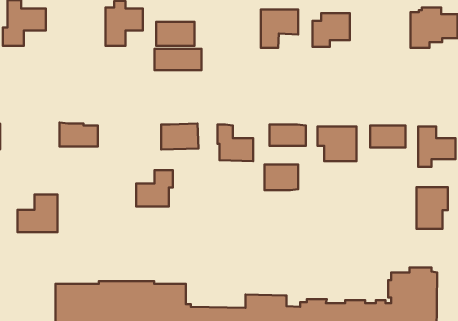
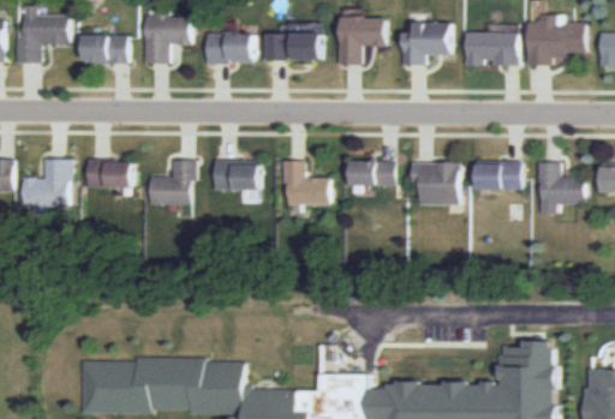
building: none -> [465,32,518,65]
building: none -> [84,35,129,64]
building: [154,49,201,70] -> [264,32,323,59]
building: [265,165,298,190] -> none
building: [136,170,173,207] -> [149,161,195,206]
building: [417,187,448,229] -> none
building: [17,195,58,232] -> [22,160,72,206]

